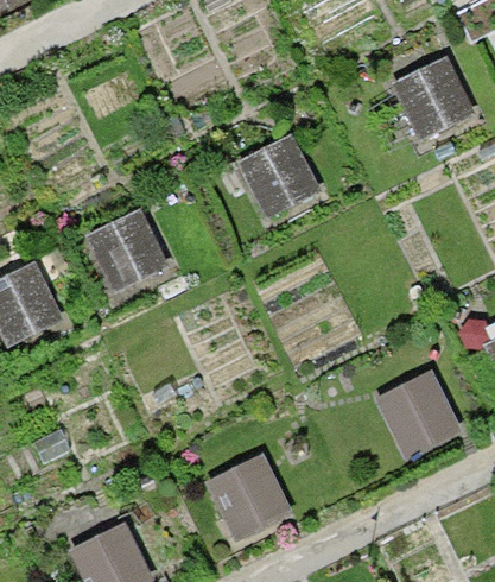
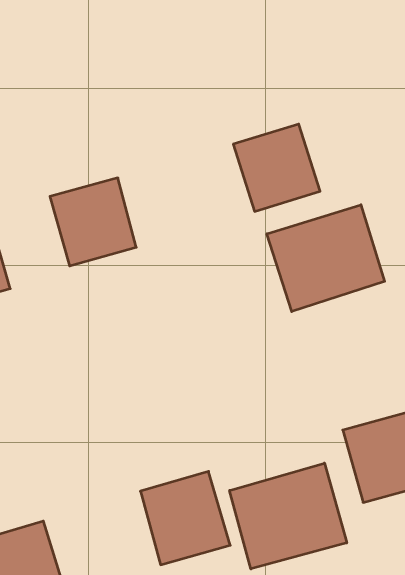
building: none -> [267,205,385,312]
building: none -> [230,463,347,569]

